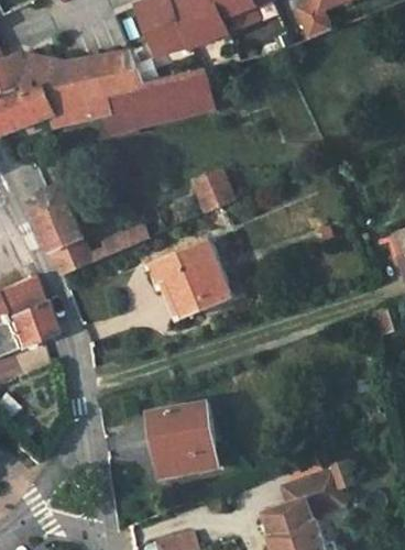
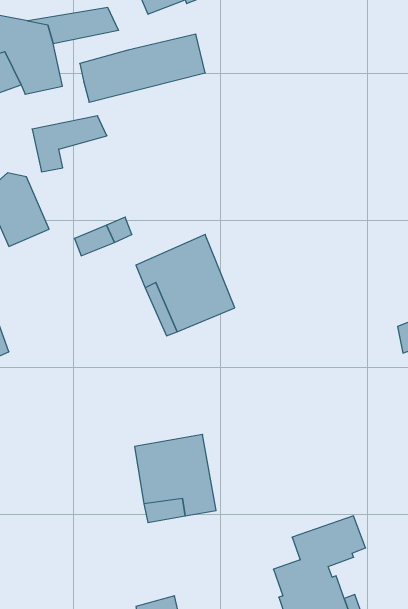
building: [81,69,143,116] -> [32,116,107,172]
building: [189,168,232,212] -> none
building: [45,233,90,275] -> none

